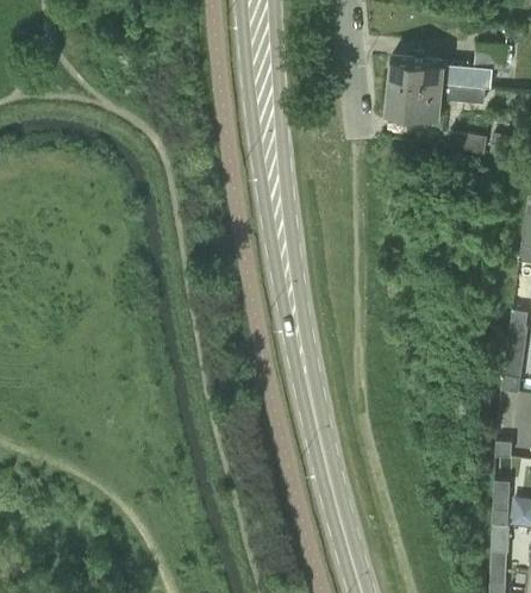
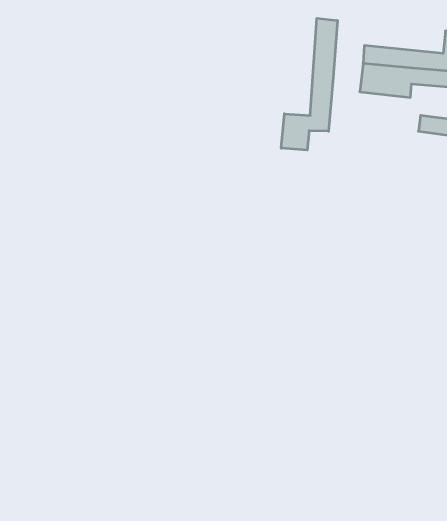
building: none -> [281,18,337,150]

